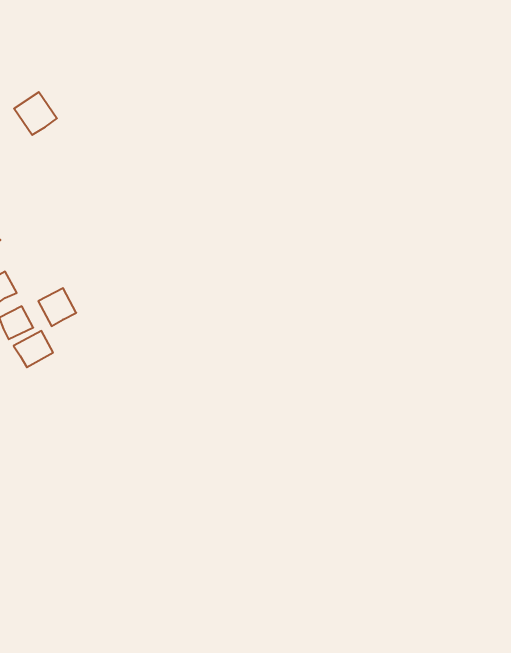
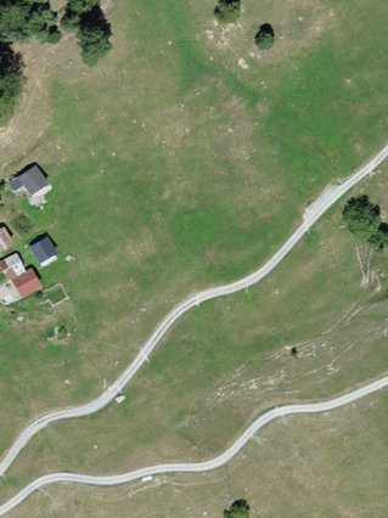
building: [14,92,57,135] -> [17,163,49,195]

